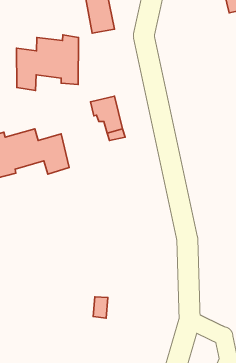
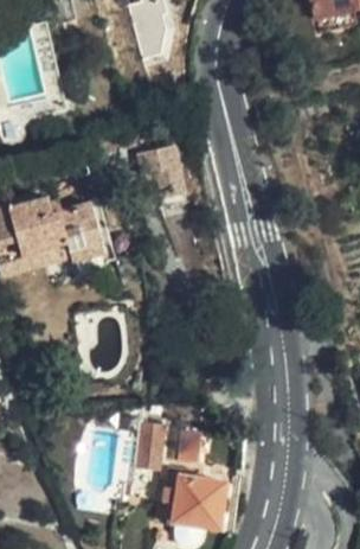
building: [17,35,79,90] -> none
building: none -> [167,467,223,526]

